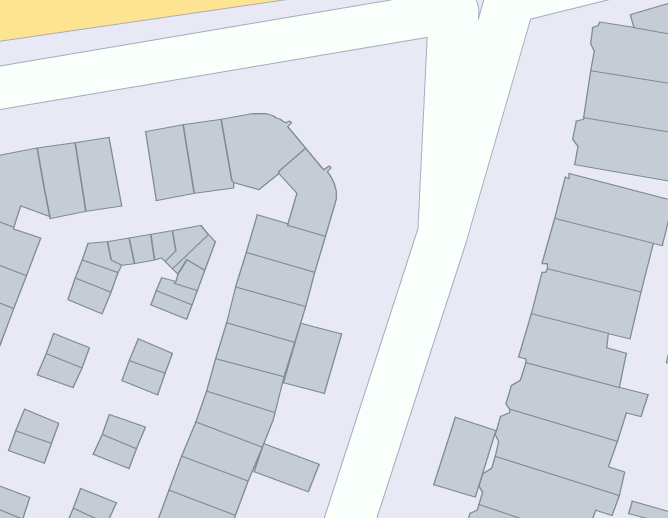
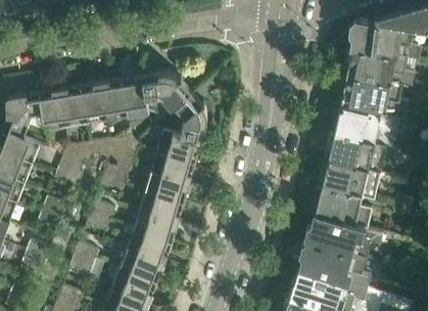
building: none -> [78,83,104,125]
building: [283,323,342,394] -> none
building: [434,417,496,497] -> none
building: [254,443,319,492] -> none

